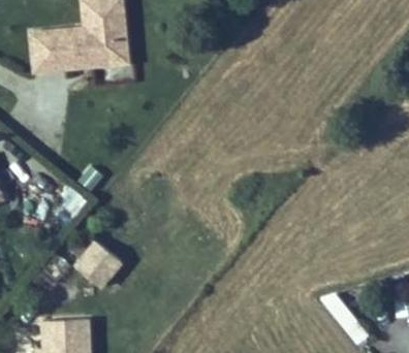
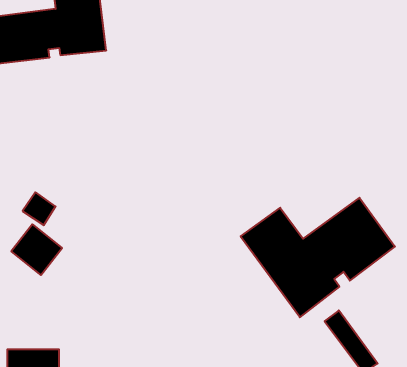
building: none -> [241,198,395,317]
building: [76,243,121,287] -> [11,224,62,275]

